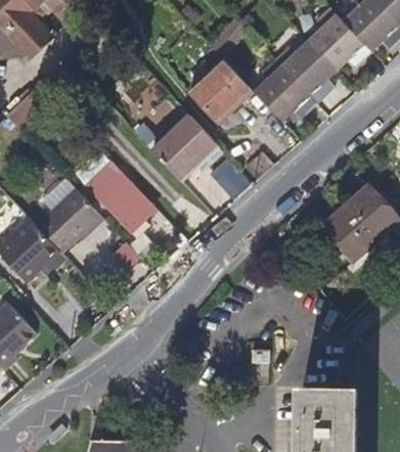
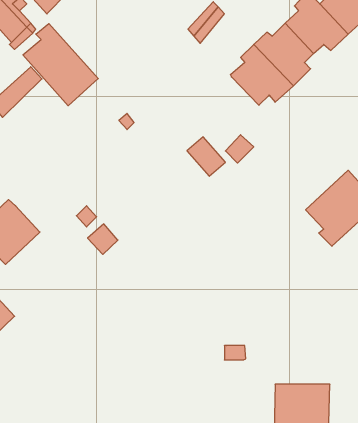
building: none -> [23,24,98,106]
building: [191,60,253,123] -> none
building: [151,121,221,186] -> none
building: [82,157,154,236] -> none
building: [35,185,103,251] -> none

